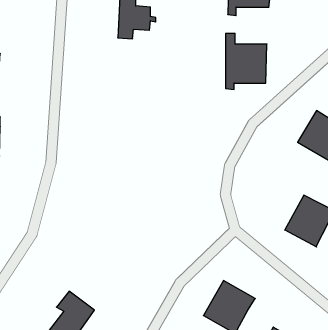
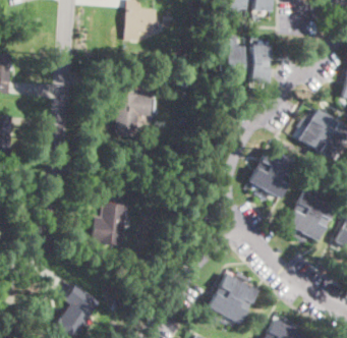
building: none -> [116,93,160,136]
building: none -> [249,147,298,199]
building: none -> [92,203,129,246]

